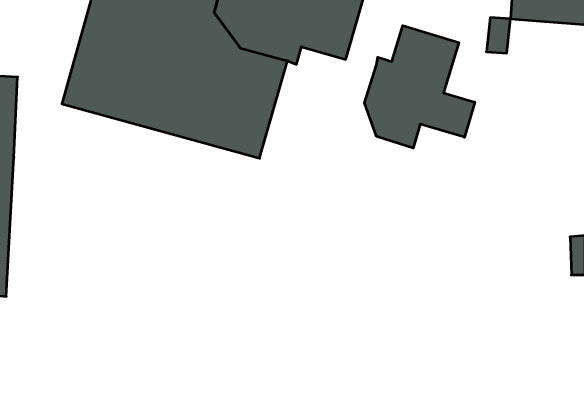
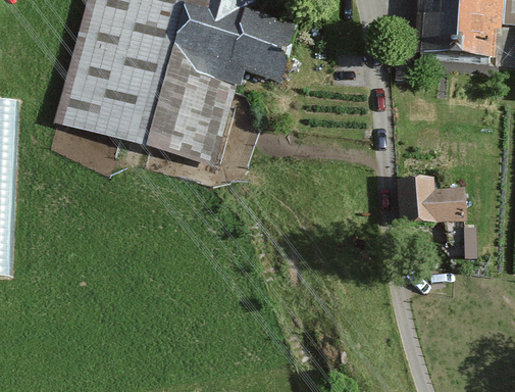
building: [364,26,475,148] -> none
building: none -> [400,181,465,223]

